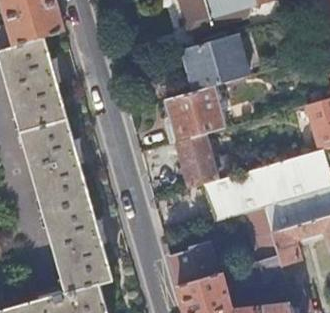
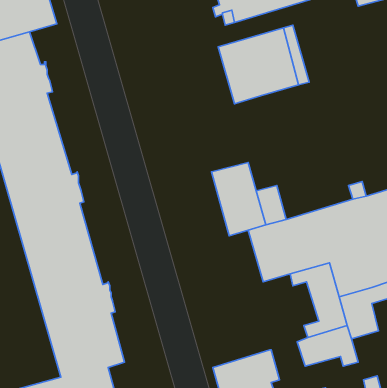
building: [165,84,225,142] -> none
building: [170,240,220,284] -> none

